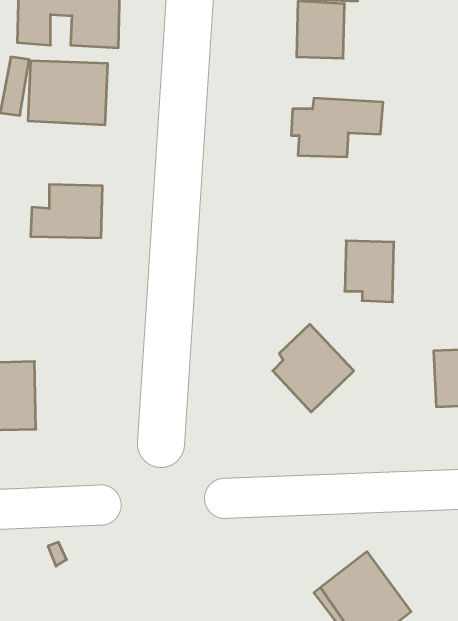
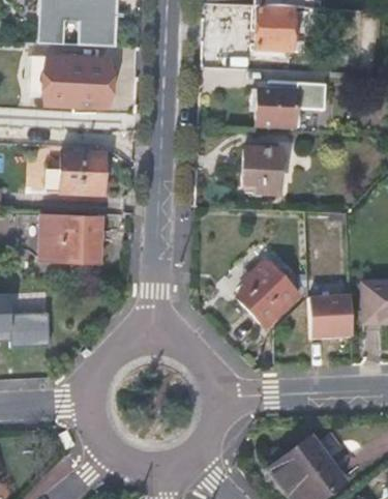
building: [345,241,394,302] -> [242,149,280,197]
building: none -> [36,213,103,263]
building: none -> [311,294,356,339]

